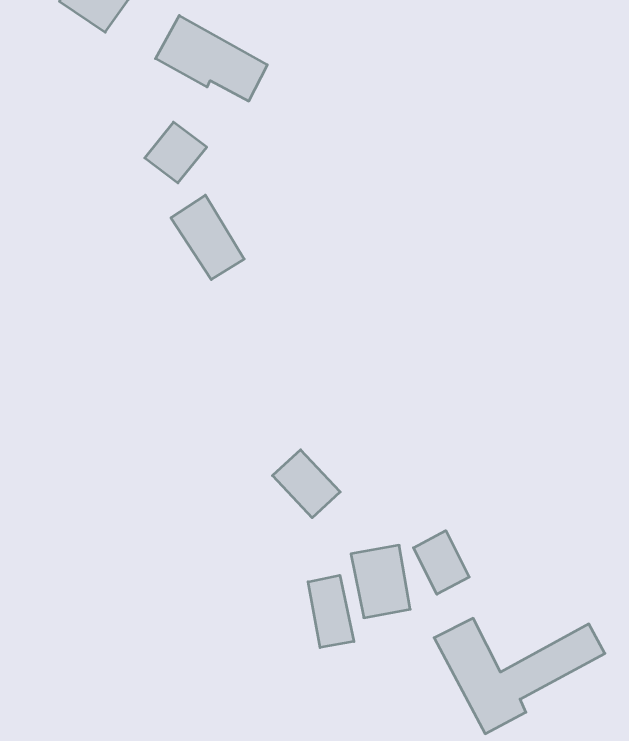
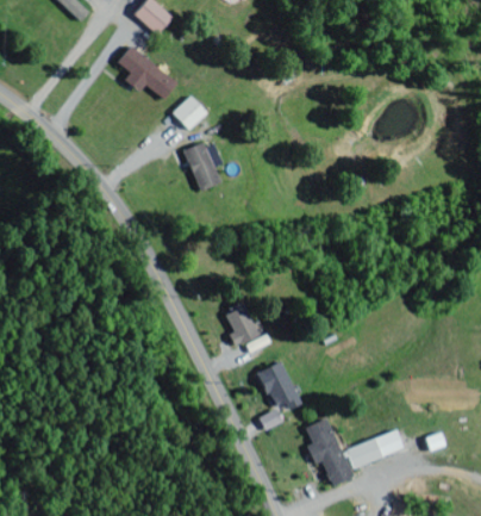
building: [155,15,267,101] -> [113,45,180,102]
building: [413,531,469,594] -> none
building: [308,575,354,648] -> none

